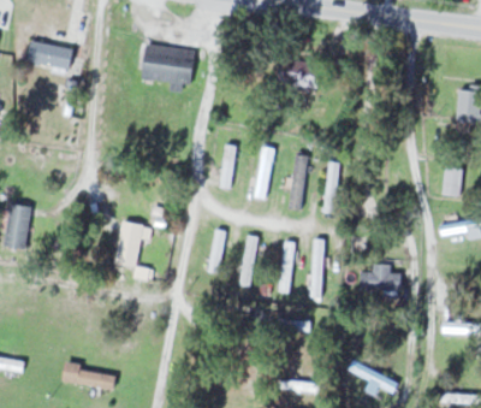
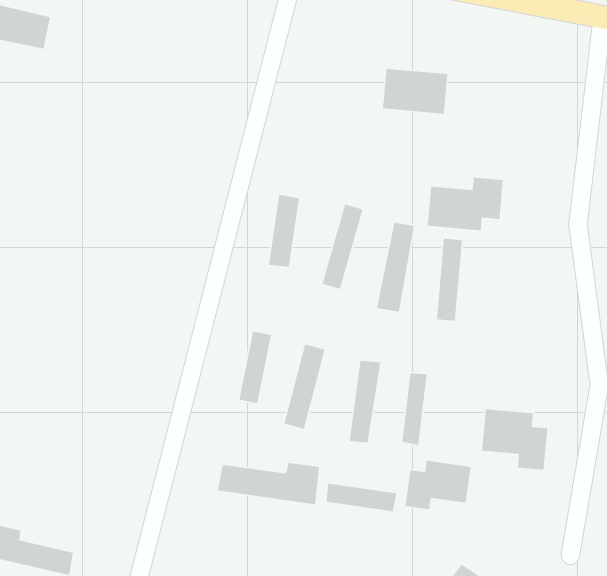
building: [143,47,194,84] -> none
building: none -> [427,177,504,231]
building: [114,221,143,267] -> none
building: none -> [404,460,471,510]
building: none -> [217,462,320,505]

